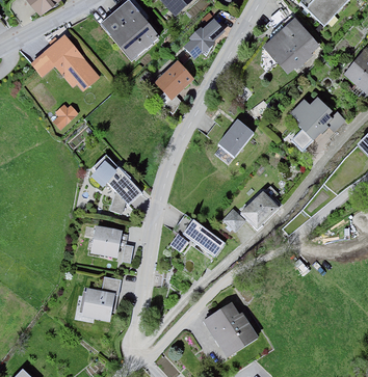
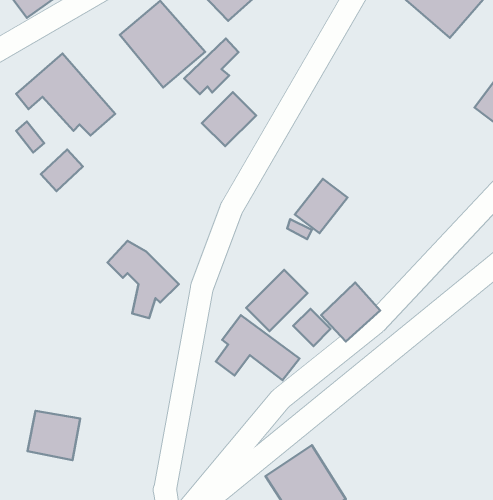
building: [259,16,318,74] -> none
building: [186,19,222,56] -> [184,38,238,94]
building: [285,98,333,152] -> none
building: none -> [246,270,308,331]
building: [93,225,123,258] -> none
building: [81,287,116,320] -> [28,411,80,460]

